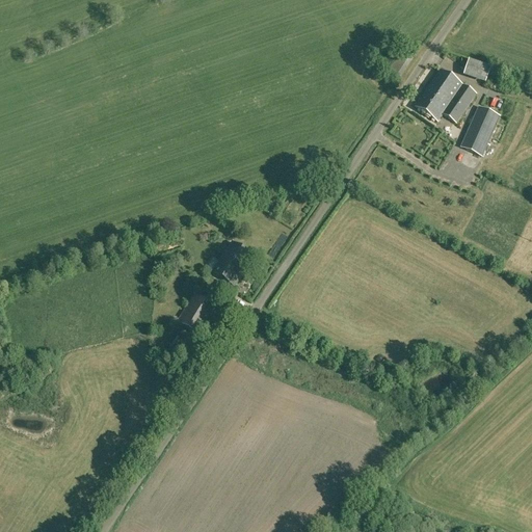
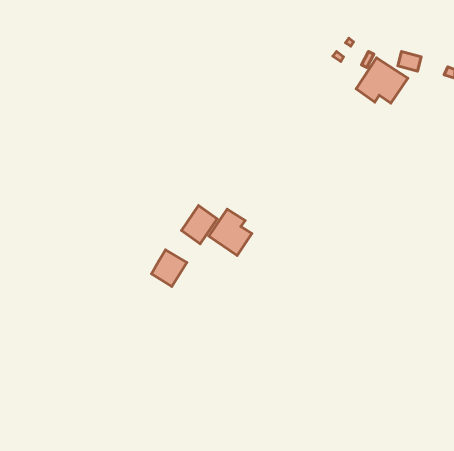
building: [461,104,501,154] -> none
building: none -> [209,209,252,256]

